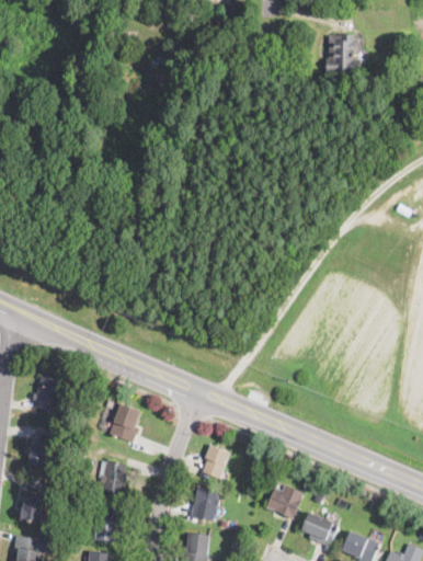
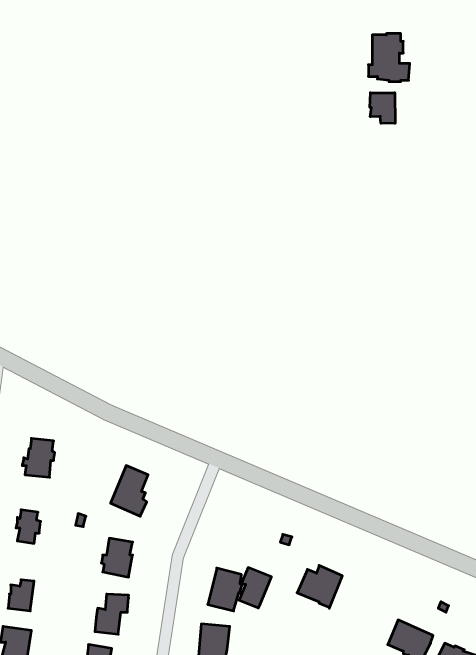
building: none -> [370,93,395,123]
building: [203,445,230,479] -> [239,568,271,608]
building: [306,513,338,545] -> none

